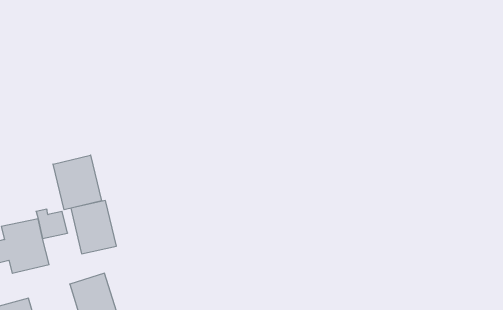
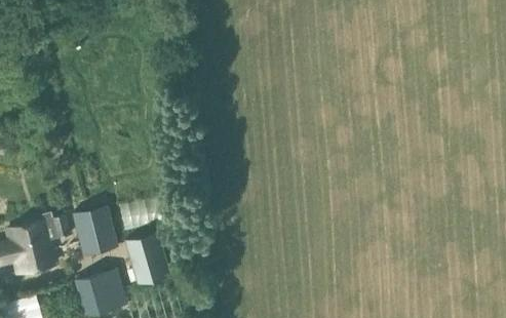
building: [53,155,101,210] -> none
building: none -> [126,232,172,286]

